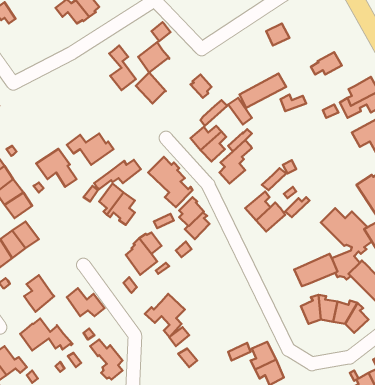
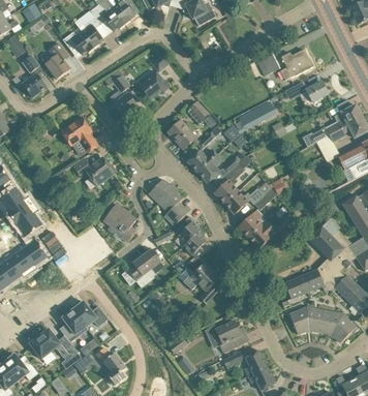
building: none -> [45,42,70,78]
building: none -> [281,49,313,80]
building: none -> [23,54,47,96]
building: [136,72,166,104] -> [168,119,196,148]
building: [36,149,76,187] -> [61,117,98,152]
building: [94,160,141,189] -> none
building: none -> [224,187,265,213]
building: [24,275,54,312] -> [60,308,88,342]
building: [145,294,185,337] -> [183,262,220,302]
building: none -> [216,319,249,352]

